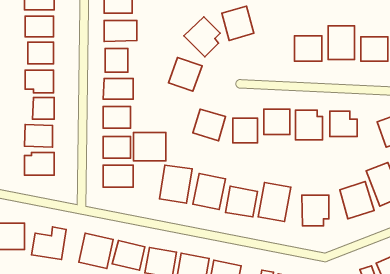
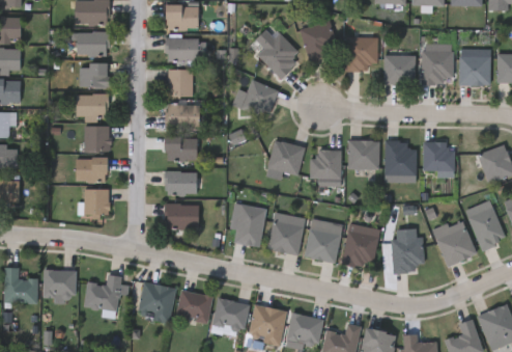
building: none -> [347,37,376,72]
building: [133,132,166,161] -> none

